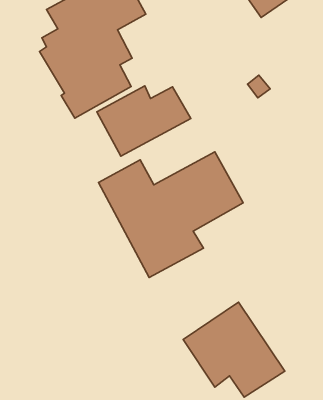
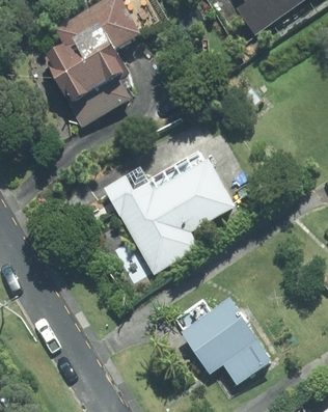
building: [97,86,191,156] -> none

